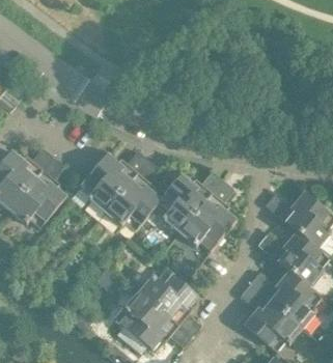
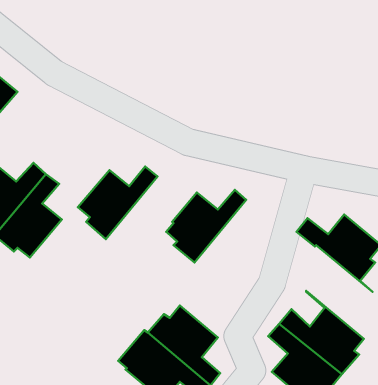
building: [103,160,160,231] -> none
building: [177,179,234,252] -> none
building: [257,218,328,297] -> none

